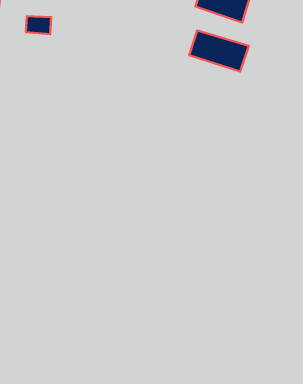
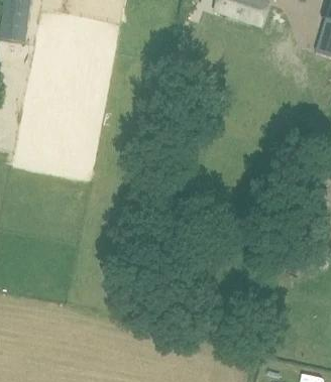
building: [189,30,249,72] -> none

